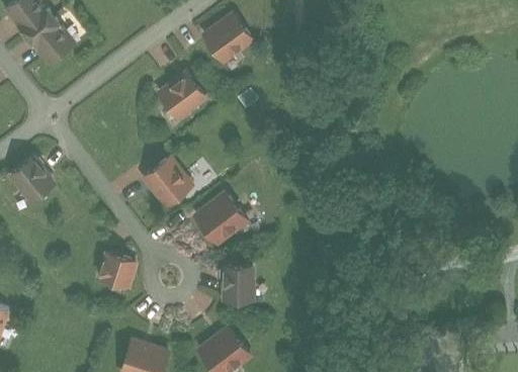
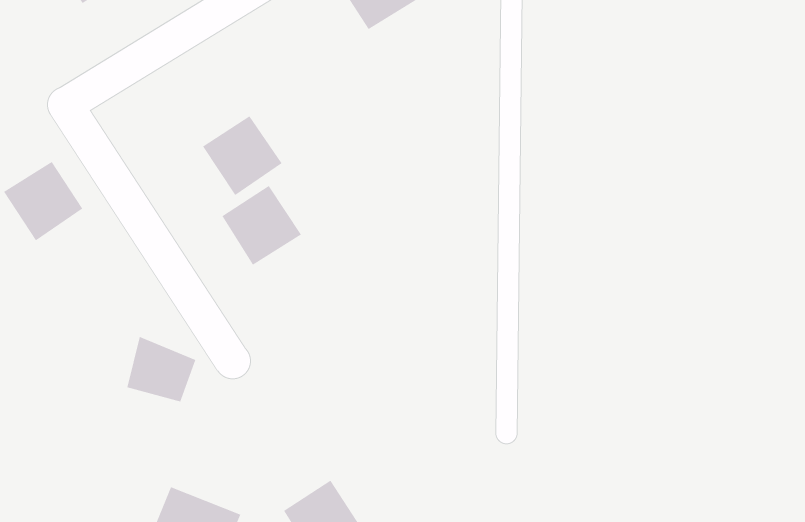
building: [155,74,202,121] -> [202,116,282,196]
building: [191,197,238,245] -> none
building: [229,270,258,302] -> none

